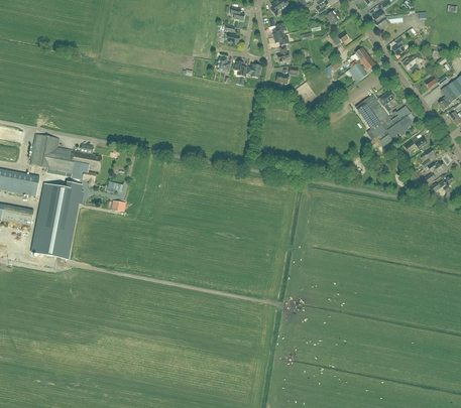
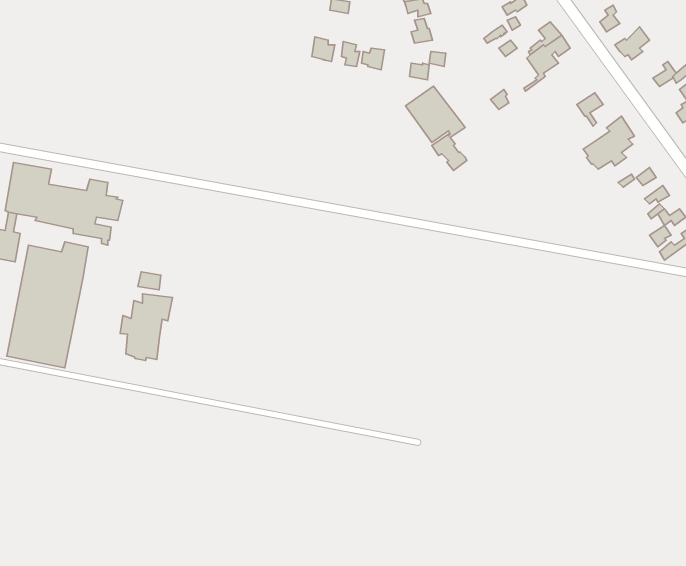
building: [355,95,392,146] -> [405,86,467,170]
building: none -> [120,294,172,360]

